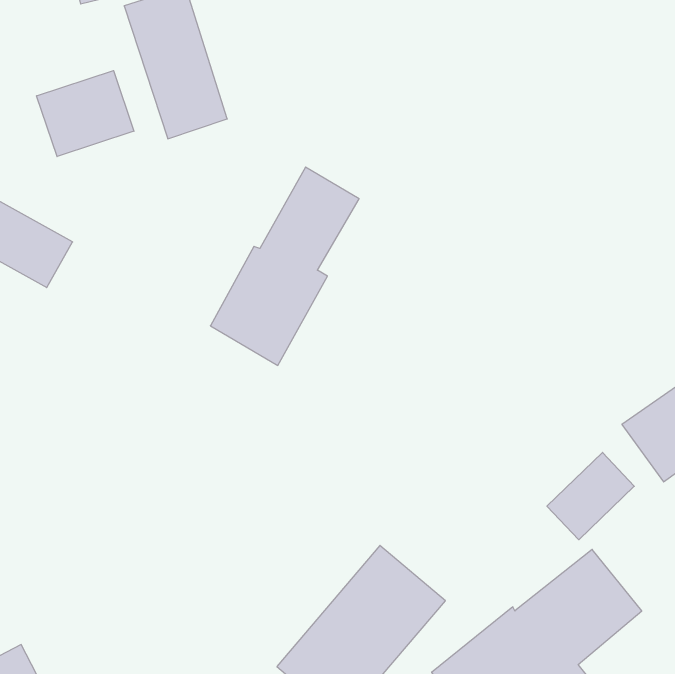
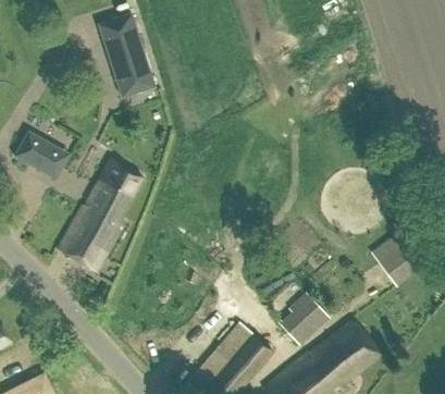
building: [37,71,134,157] -> none
building: [210,167,359,365] -> [61,164,143,273]
building: [547,452,634,540] -> [276,291,324,338]

